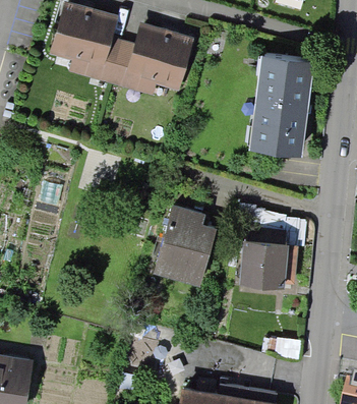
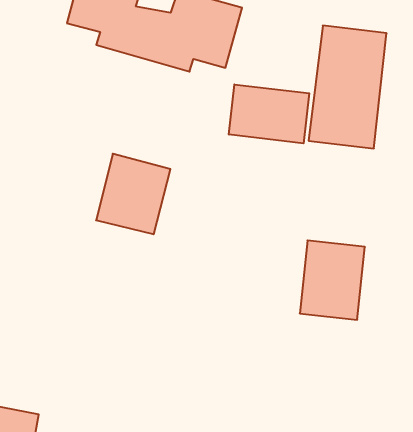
building: none -> [229,84,309,143]
building: [154,218,213,282] -> [96,154,170,234]

